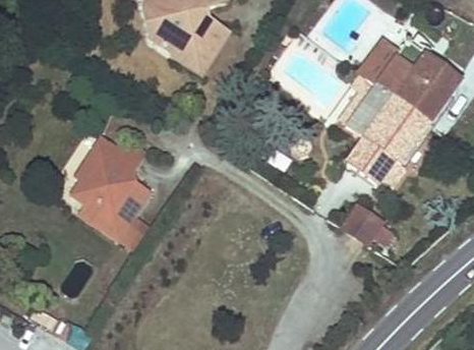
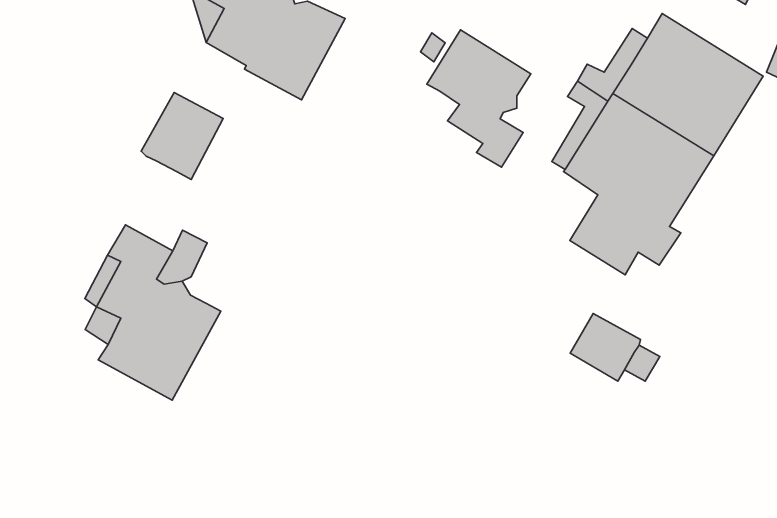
building: none -> [427,30,531,167]
building: none -> [141,92,223,179]

